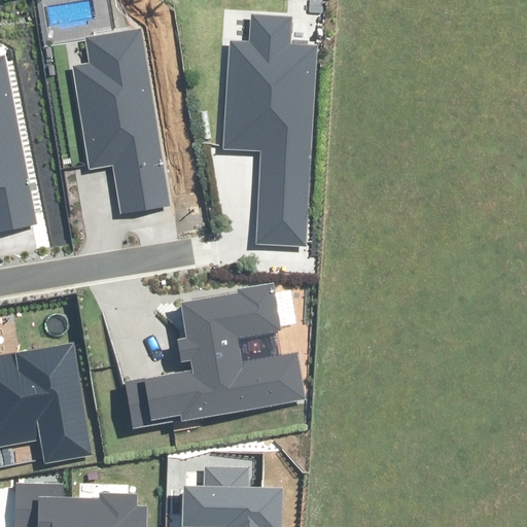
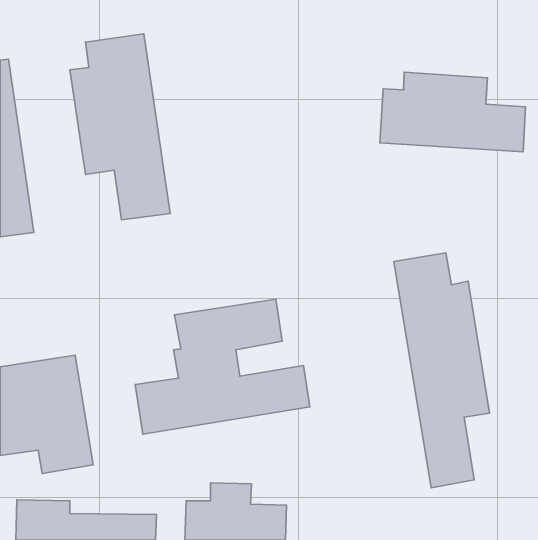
building: [221,16,314,246] -> none
building: none -> [380,72,525,152]
building: none -> [394,253,490,488]

